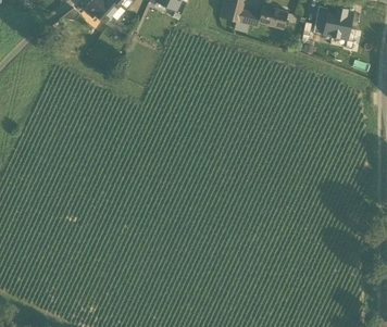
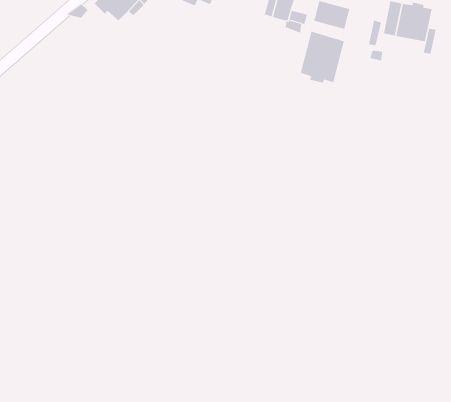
building: none -> [300,31,345,83]

